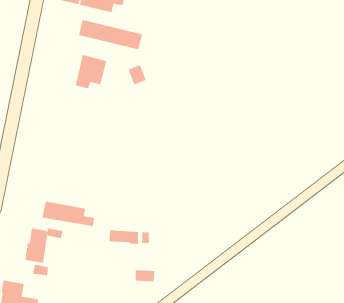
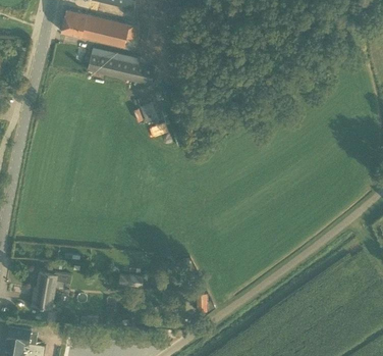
building: [75,54,107,89] -> none
building: [42,201,95,227] -> none

